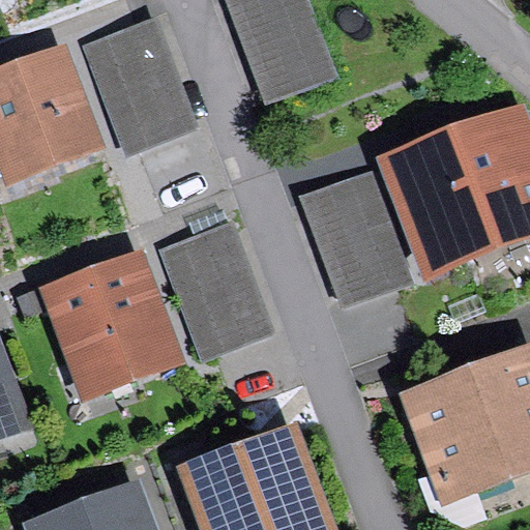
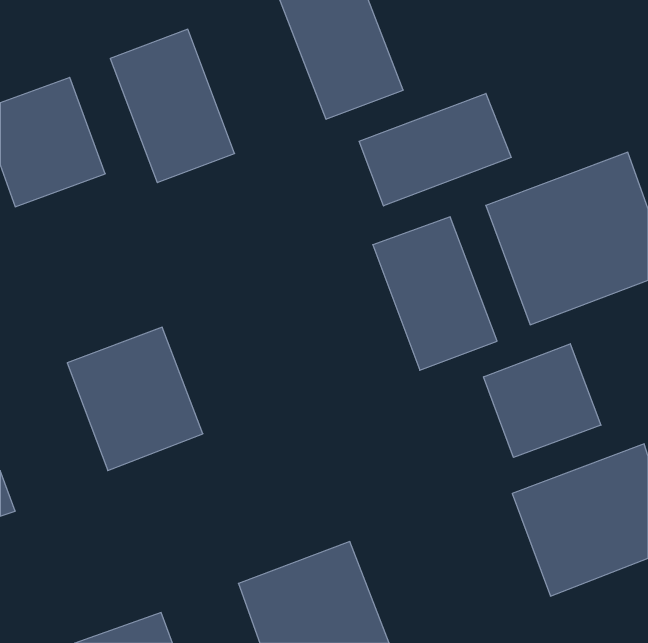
building: none -> [359,93,511,206]
building: [167,228,268,354] -> none
building: none -> [484,344,601,457]

